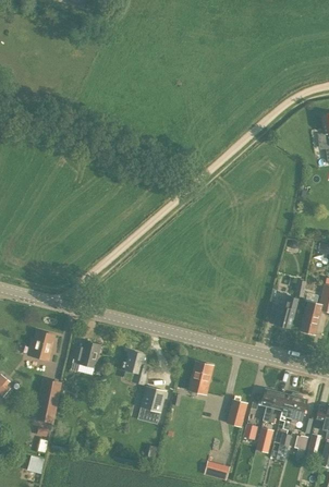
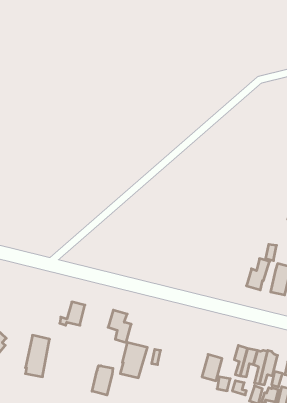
building: [28,331,54,361] -> none
building: [188,362,212,395] -> none
building: none -> [92,366,113,395]

